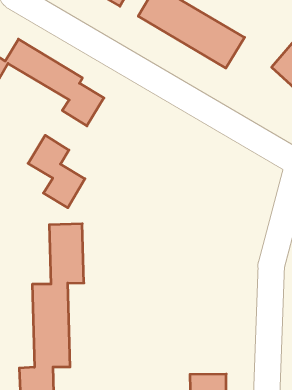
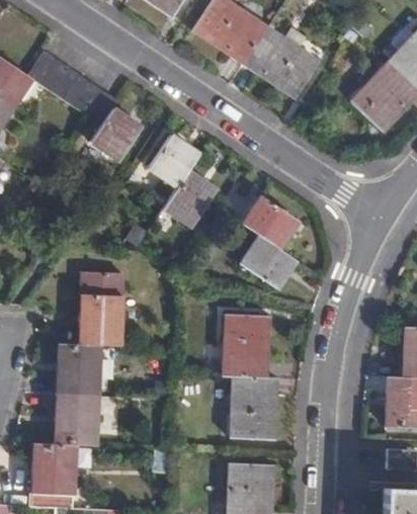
building: [28,135,85,208] -> [154,138,221,226]
building: none -> [245,198,303,290]
building: none -> [226,314,278,437]

